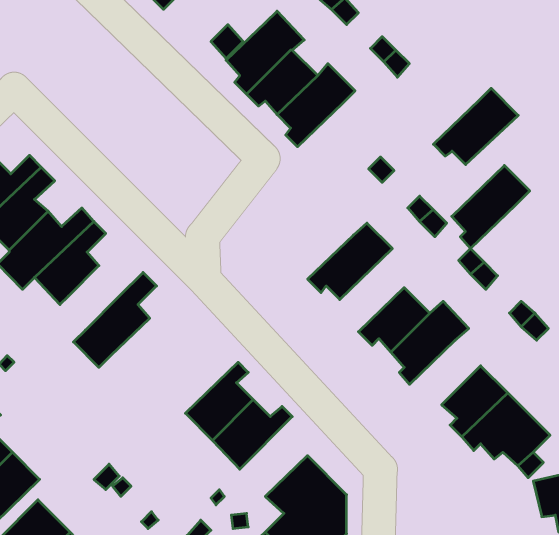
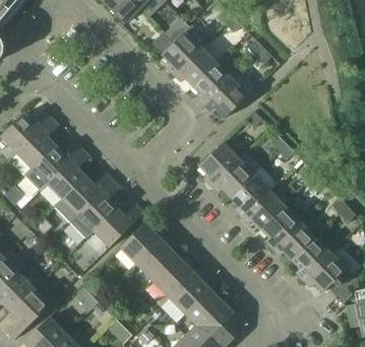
building: [433,88,518,165] -> [204,72,255,118]
building: [452,165,530,249] -> [230,166,277,216]
building: none -> [199,142,238,185]
building: none -> [62,174,112,215]
building: none -> [93,205,144,248]
building: none -> [271,221,314,260]
building: none -> [120,223,169,265]
building: none -> [170,267,210,315]

